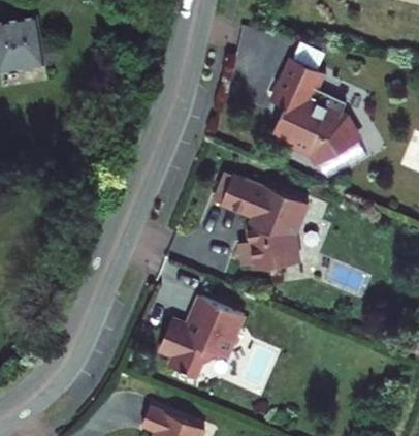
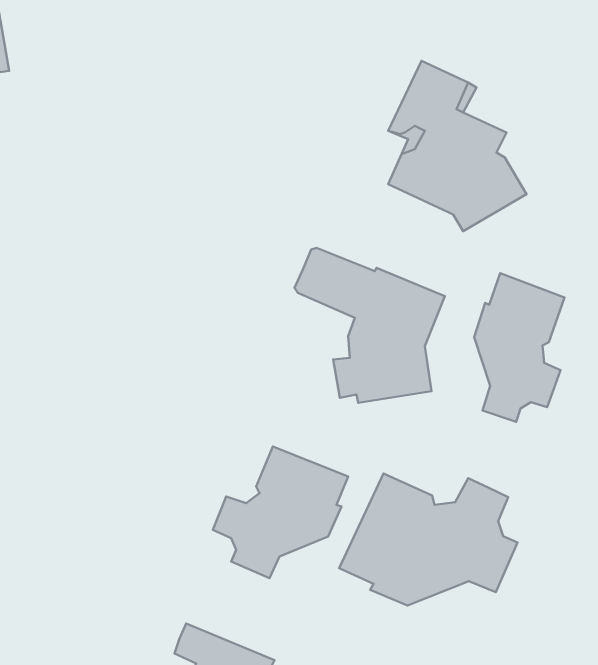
building: none -> [474,273,564,422]
building: none -> [339,474,517,606]

